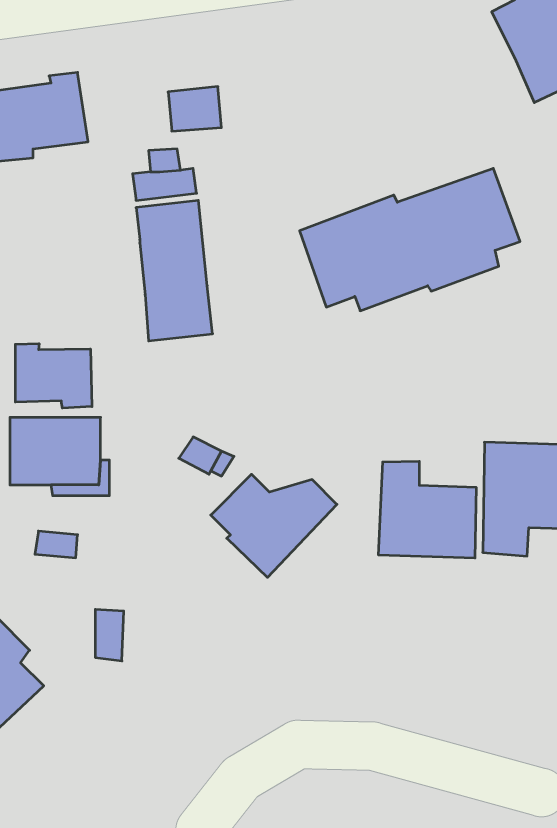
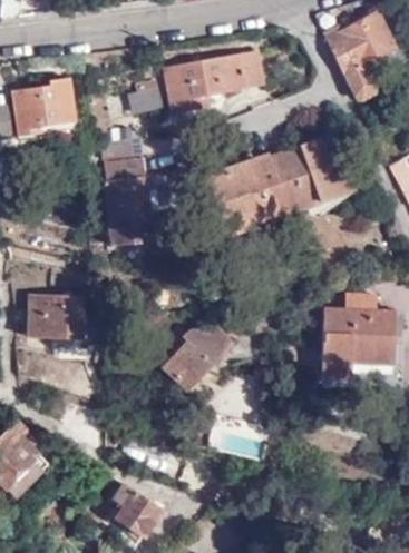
building: none -> [166,52,264,112]
building: [15,344,92,408] -> none
building: [379,461,476,558] -> none
building: none -> [113,481,163,536]

